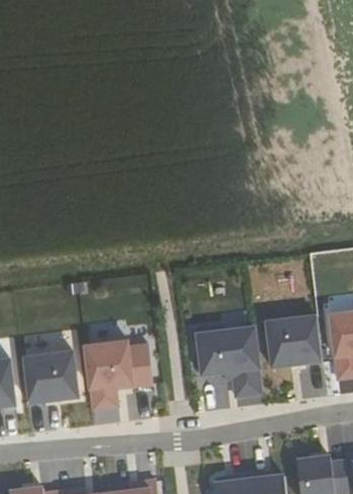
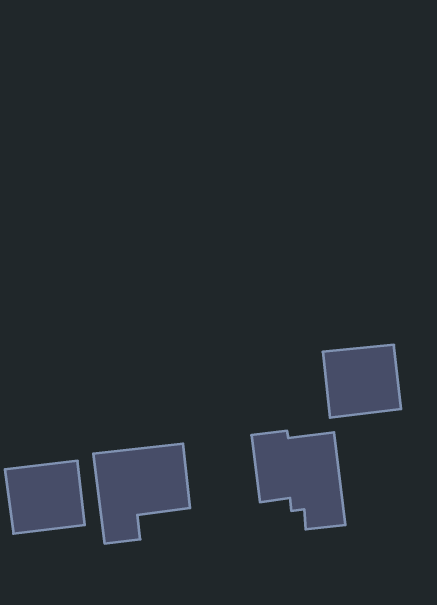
building: [267,318,323,370] -> [323,345,401,418]

